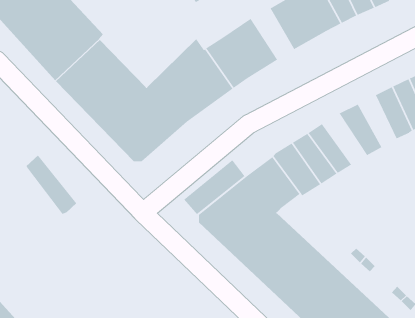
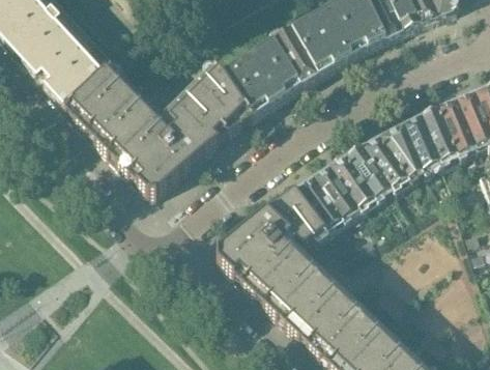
building: none -> [269,29,317,84]
building: none -> [385,121,426,177]
building: none -> [347,141,395,196]
building: [25,154,77,215] -> none
building: [183,159,246,215] -> none

